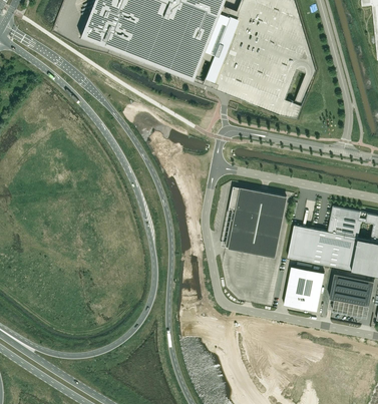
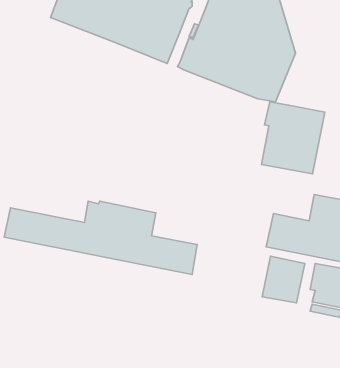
building: [226,186,287,256] -> [261,102,325,174]
building: none -> [4,201,197,274]

